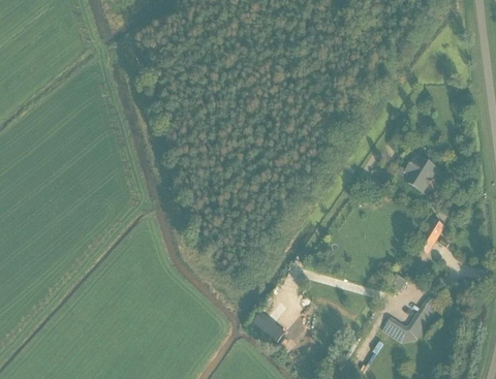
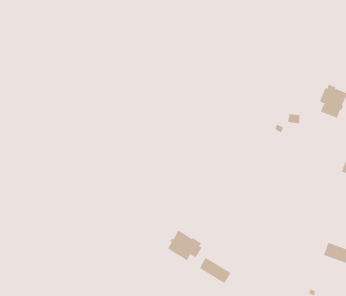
building: none -> [167,230,202,261]

